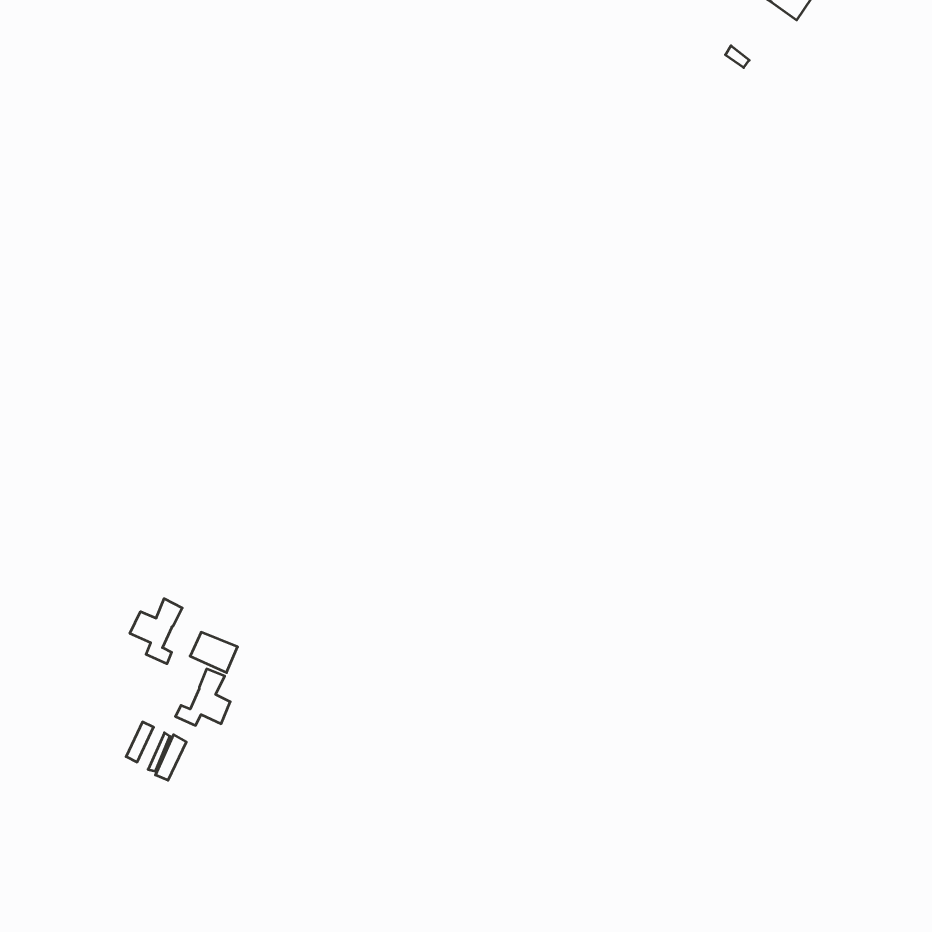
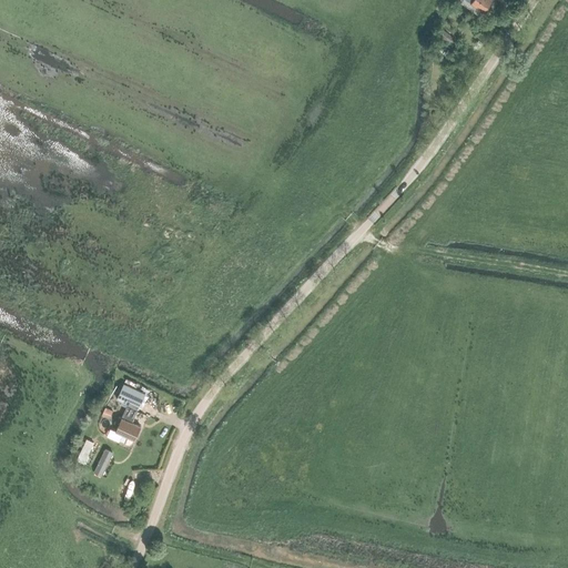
building: [130,599,182,664] -> none

